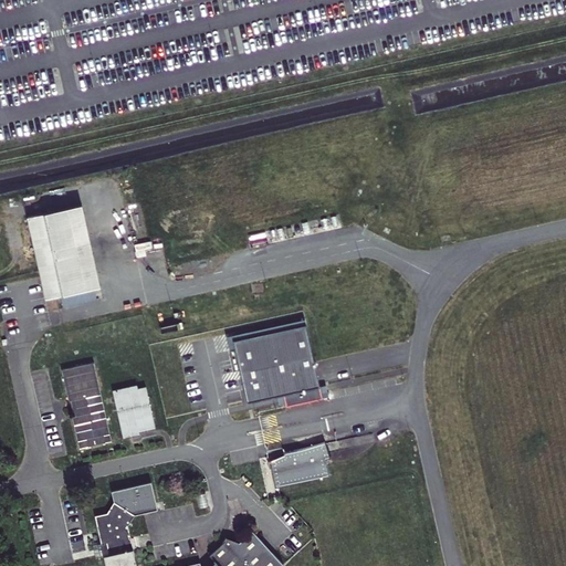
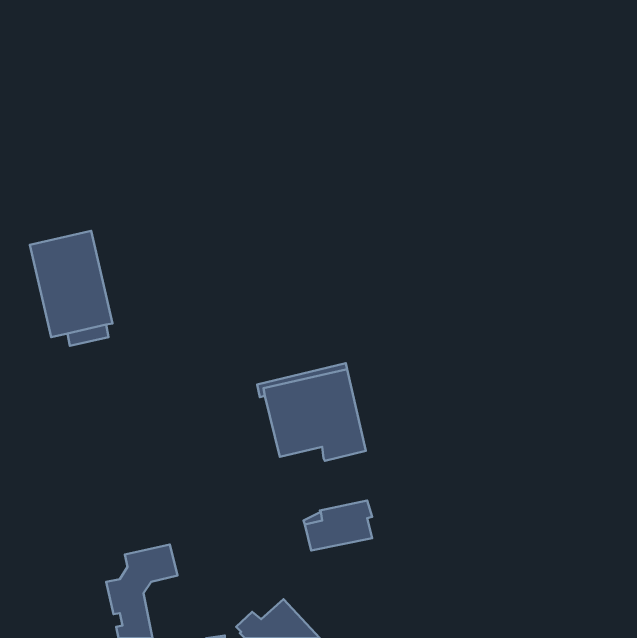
building: [61,363,109,449] -> none
building: [112,385,154,439] -> none

